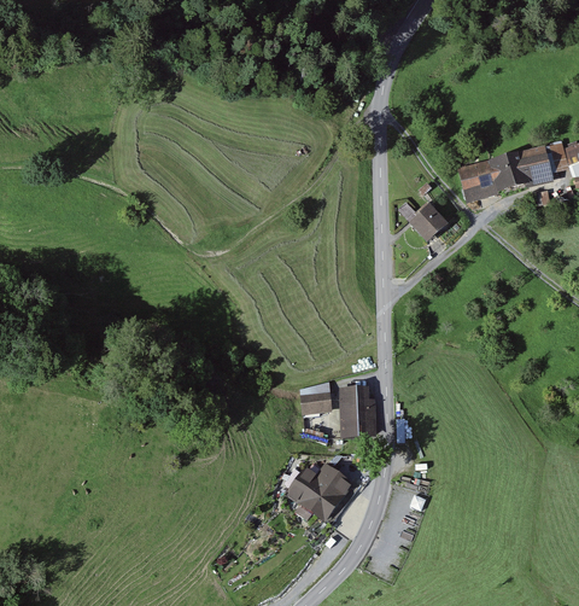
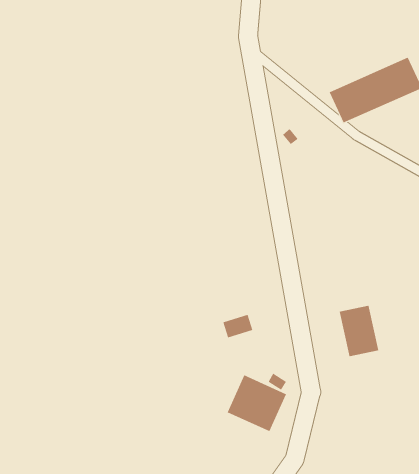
building: [411,202,450,241] -> none
building: [338,384,374,436] -> [339,305,379,357]

